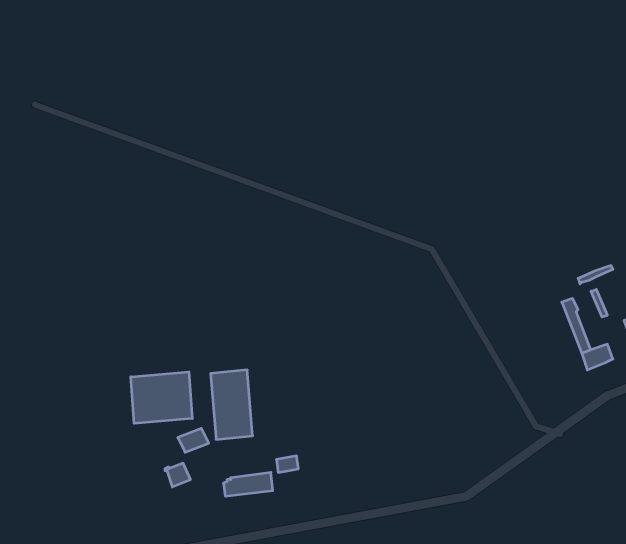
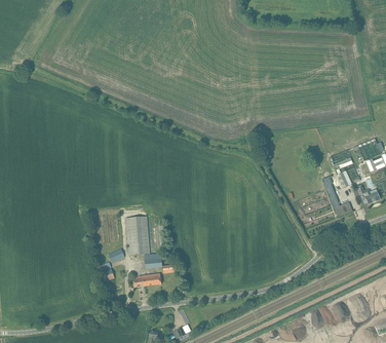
building: [131,372,192,423] -> none

